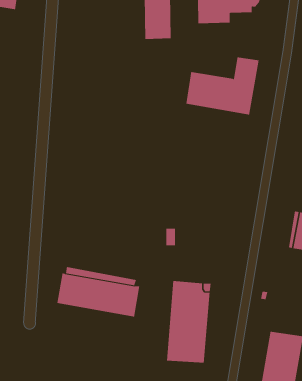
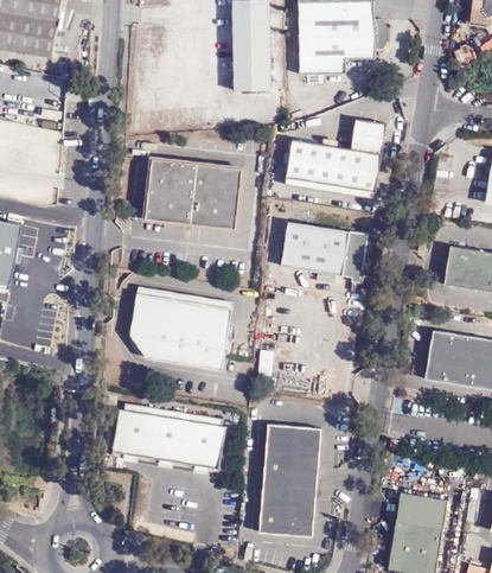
building: none -> [145,158,241,228]
building: none -> [276,225,363,280]
building: none -> [127,288,231,374]

